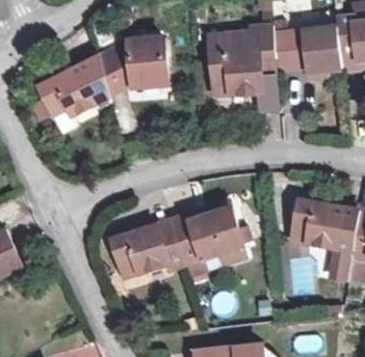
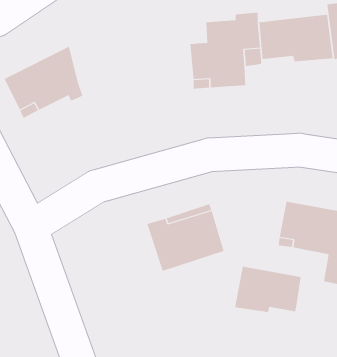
building: [99,37,166,90] -> none
building: [111,220,184,273] -> none
building: none -> [234,266,301,313]

